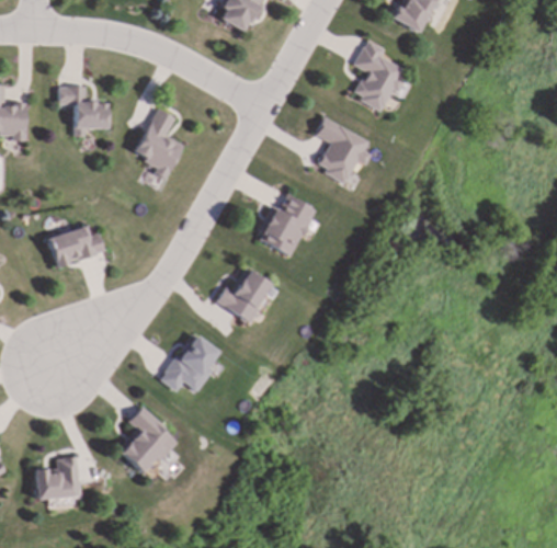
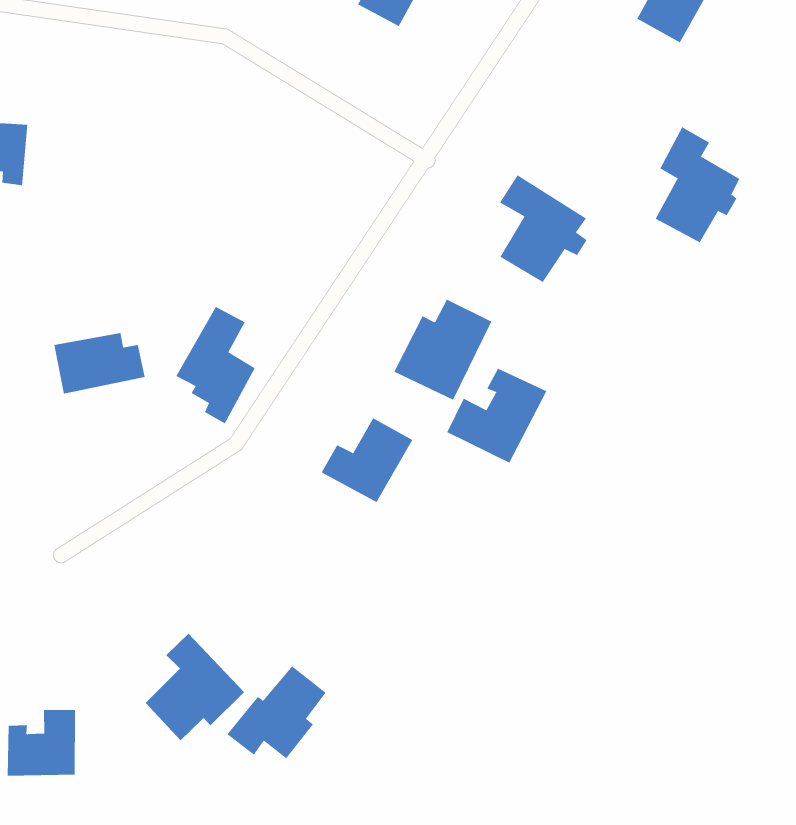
building: [353,39,403,110] -> [655,126,740,243]
building: [60,87,110,137] -> none
building: [136,109,184,180] -> [175,306,255,424]
building: none -> [447,368,547,463]
building: [159,335,218,392] -> [226,666,326,759]

